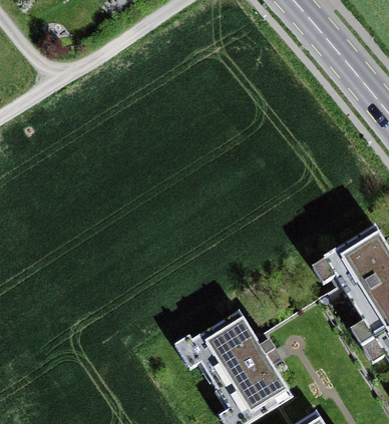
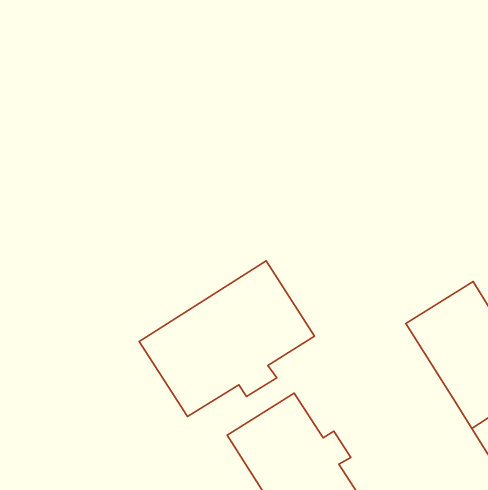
building: none -> [139,261,314,417]

